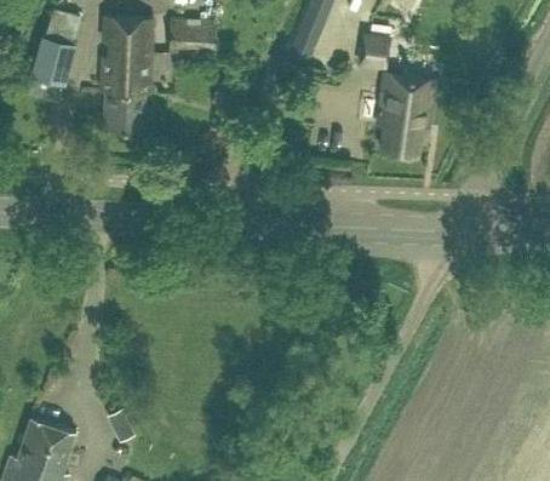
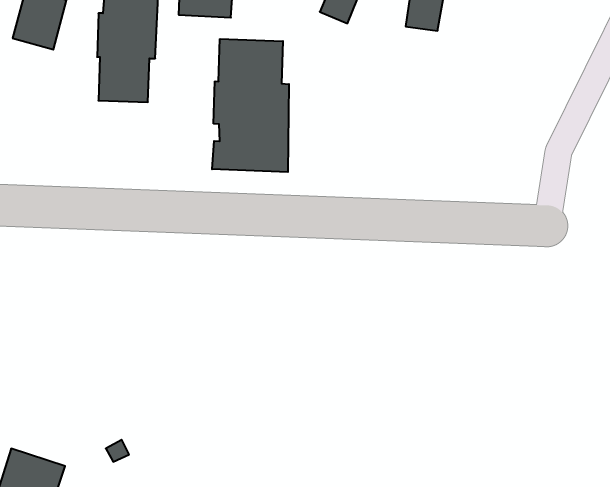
building: [377,73,435,156] -> none
building: none -> [212,39,289,172]

